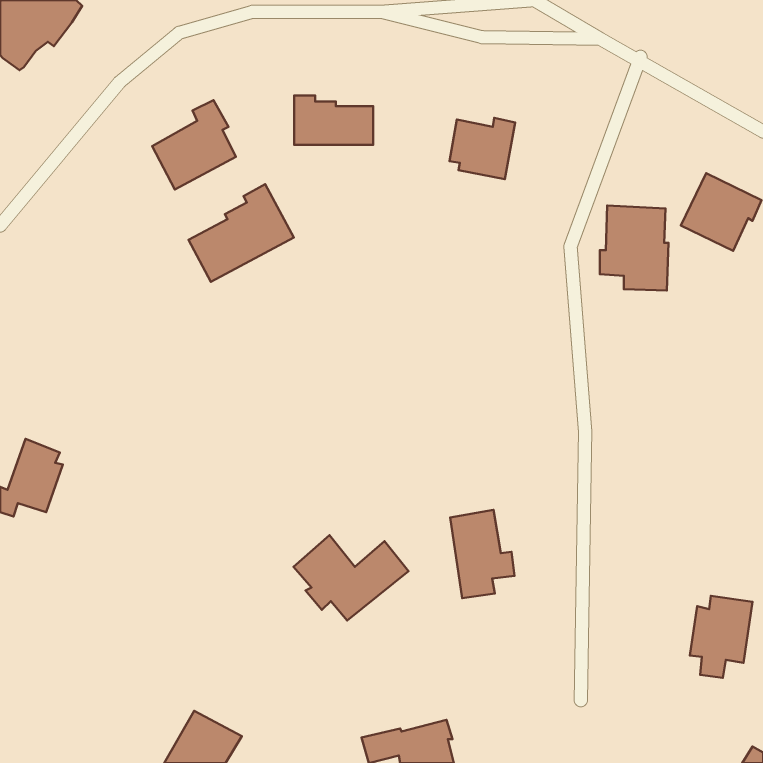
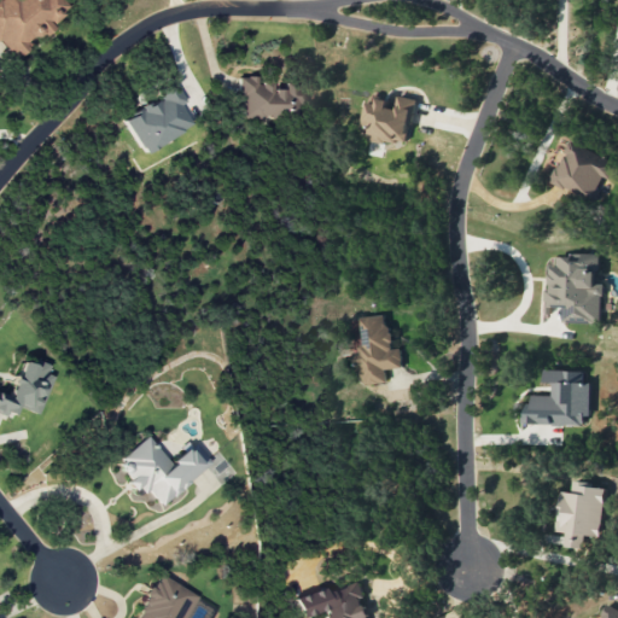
building: [188,184,294,282] -> none
building: [600,205,668,291] -> [547,253,602,322]
building: none -> [524,369,591,425]
building: [450,510,514,598] -> [352,314,404,385]
building: [294,535,409,620] -> [116,436,209,505]

